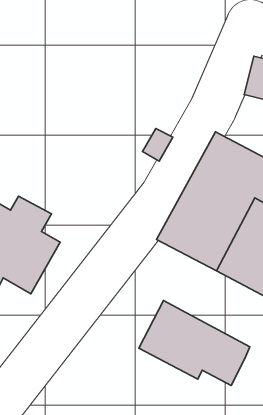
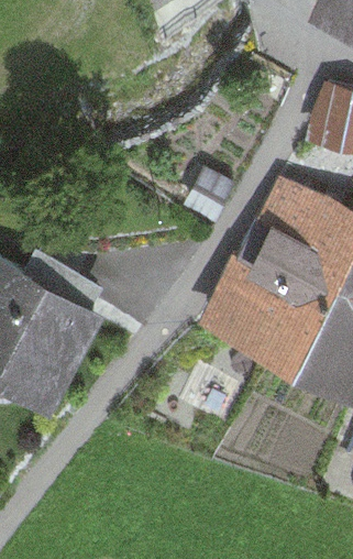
building: [139,301,250,385] -> none

